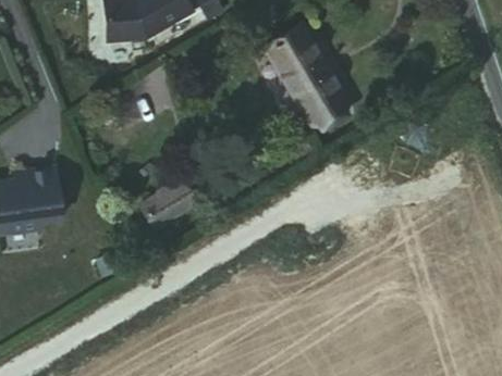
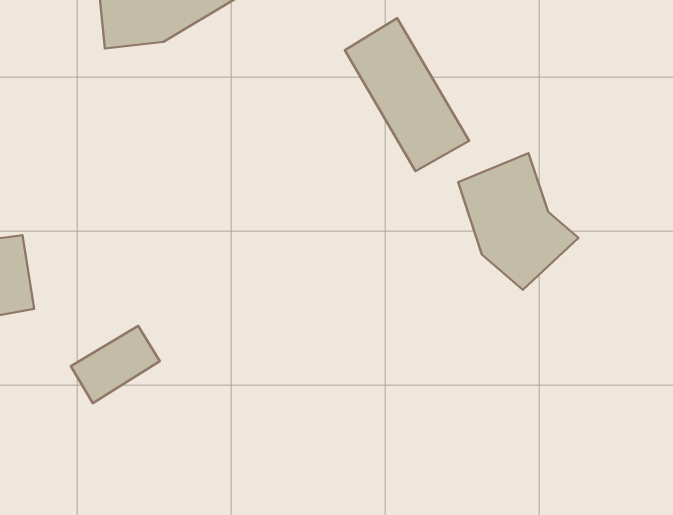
building: none -> [458,153,579,290]
building: [138,179,196,229] -> [71,326,160,403]

